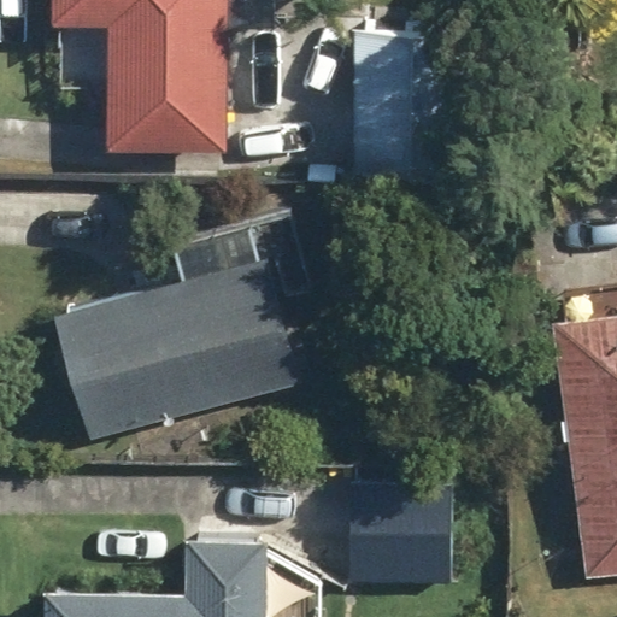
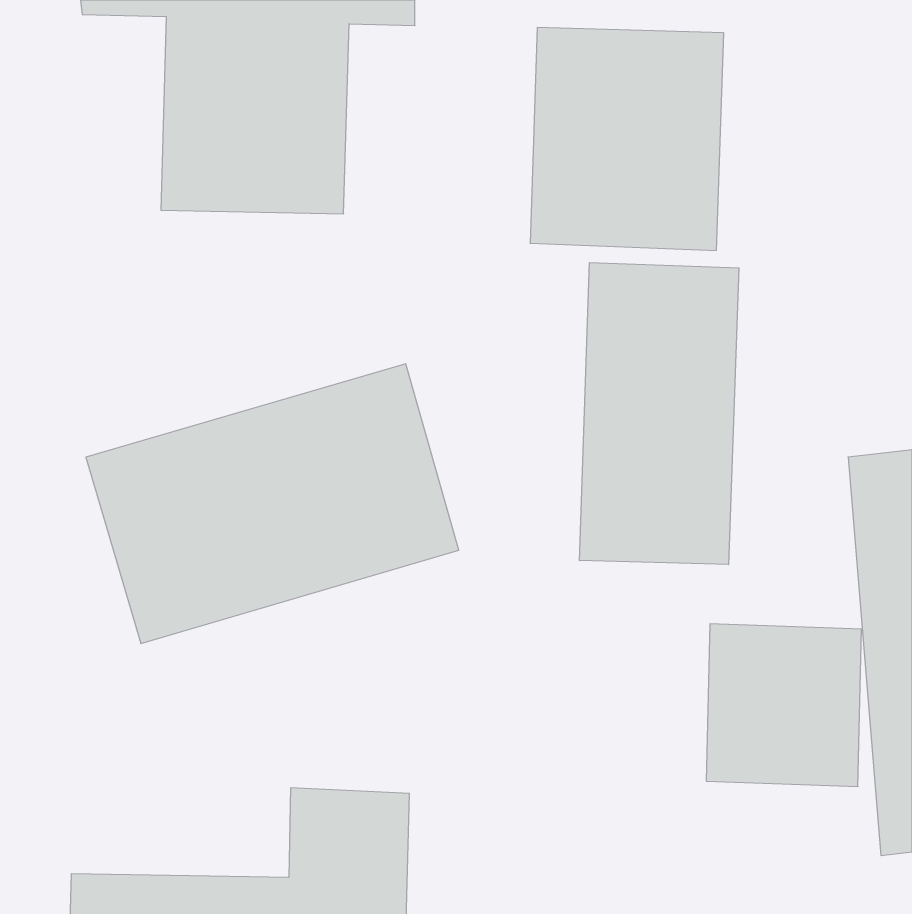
building: none -> [580,263,739,565]
building: [348,482,451,589] -> [706,624,862,787]

